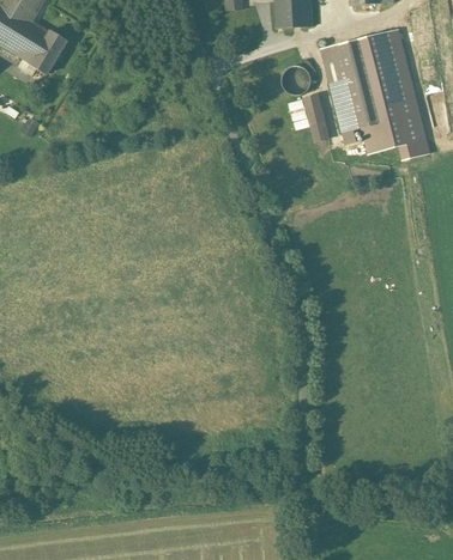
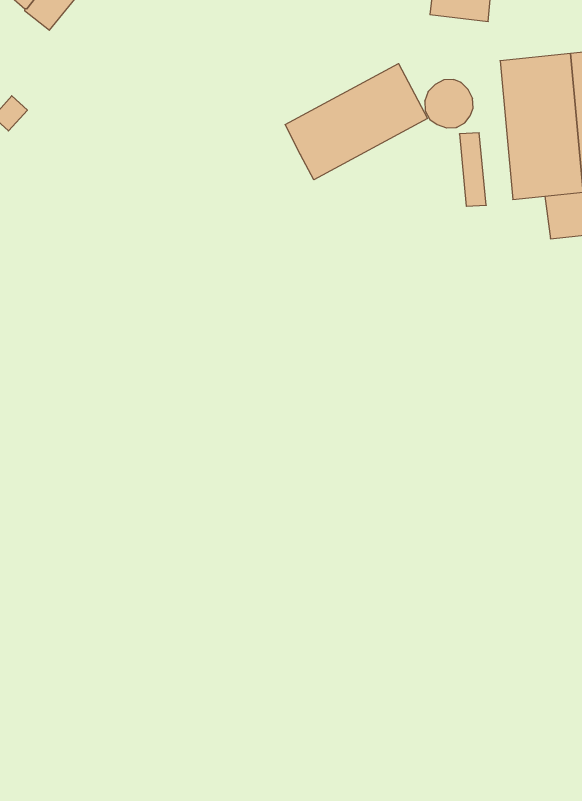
building: none -> [285,64,427,180]

